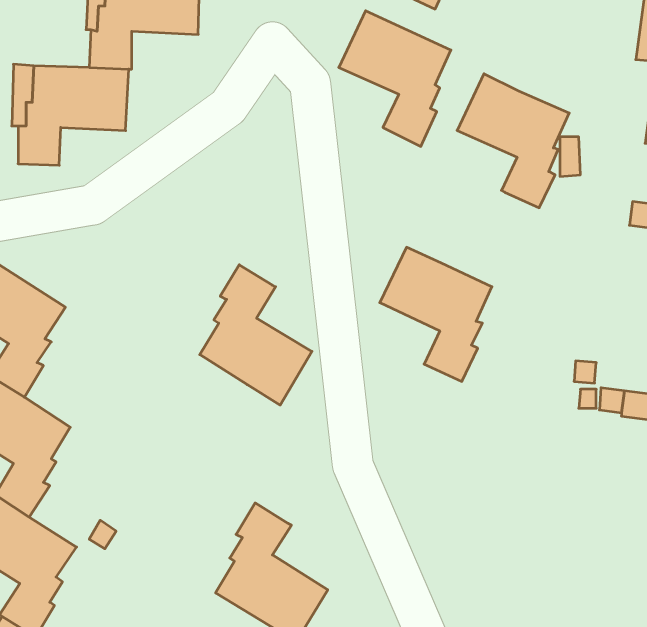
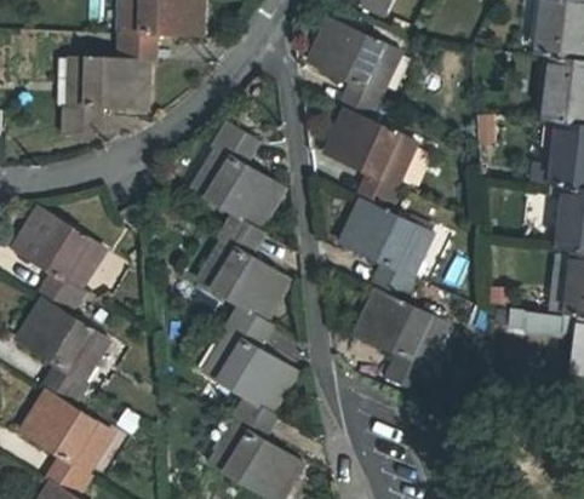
building: [457,74,569,208] -> [325,109,411,212]
building: none -> [196,121,282,229]
building: none -> [357,291,442,394]
building: none -> [208,305,294,412]

